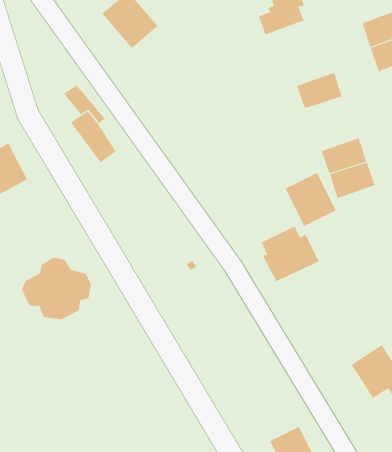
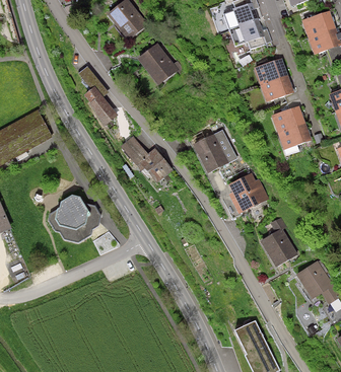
building: none -> [229,18,271,48]
building: none -> [137,43,180,85]
building: none -> [259,75,293,102]
building: [285,172,337,227] -> [191,133,229,173]
building: none -> [121,136,174,182]
building: none -> [258,216,298,268]

